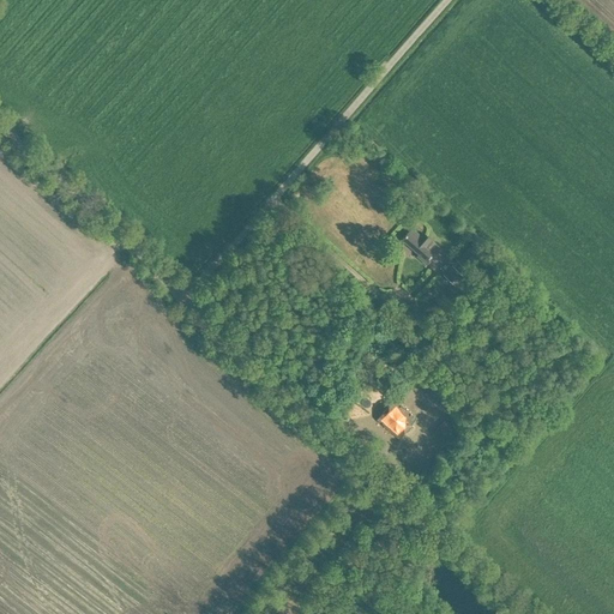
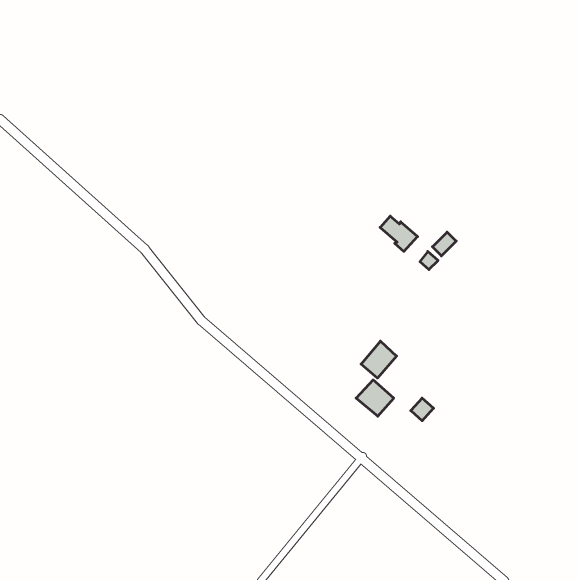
building: none -> [361,341,397,378]

